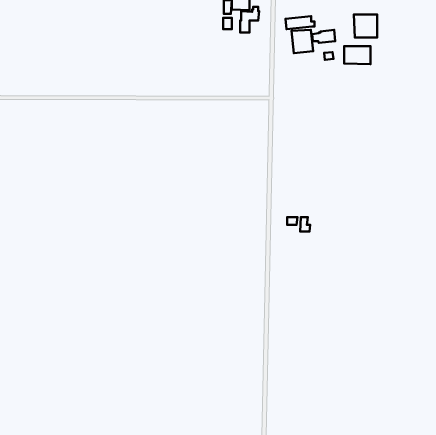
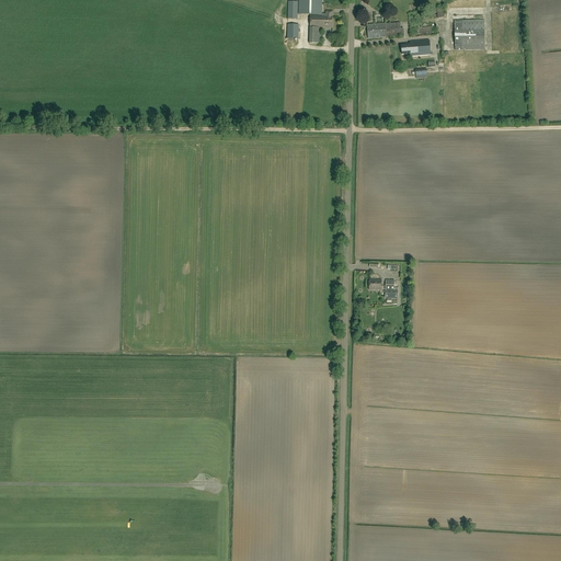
building: [292,30,313,53] -> none
building: [344,46,370,64] -> none

